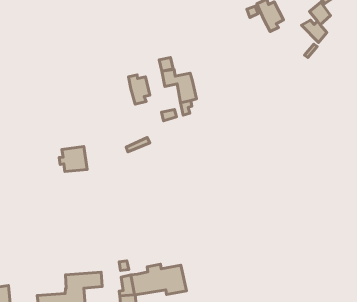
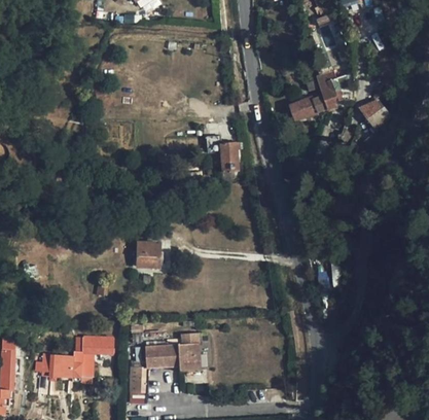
building: none -> [287,96,327,121]
building: [128,75,150,104] -> none
building: [59,147,87,171] -> [132,243,159,268]

